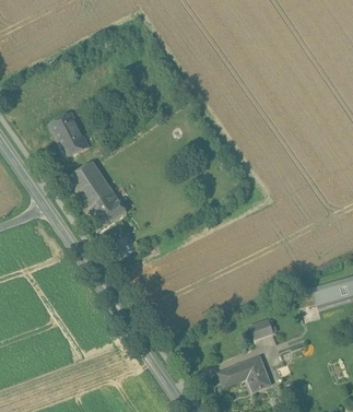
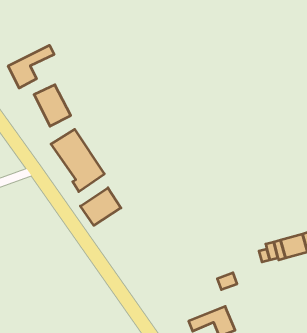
building: none -> [8,45,54,88]
building: none -> [80,188,121,225]

